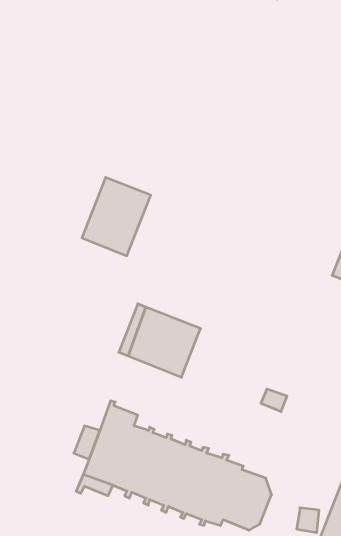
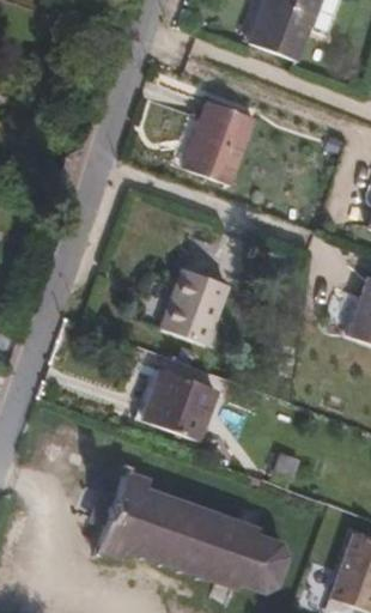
building: none -> [184,104,255,188]
building: [82,177,151,256] -> [158,267,227,346]

